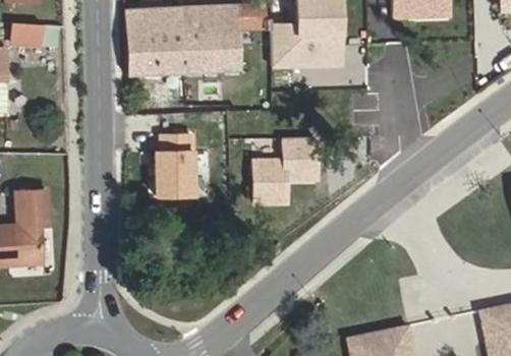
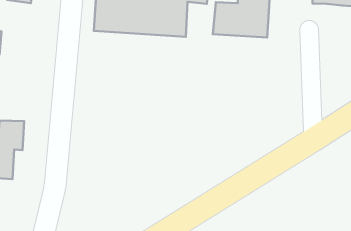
building: [157,134,196,195] -> none
building: [256,138,319,203] -> none

